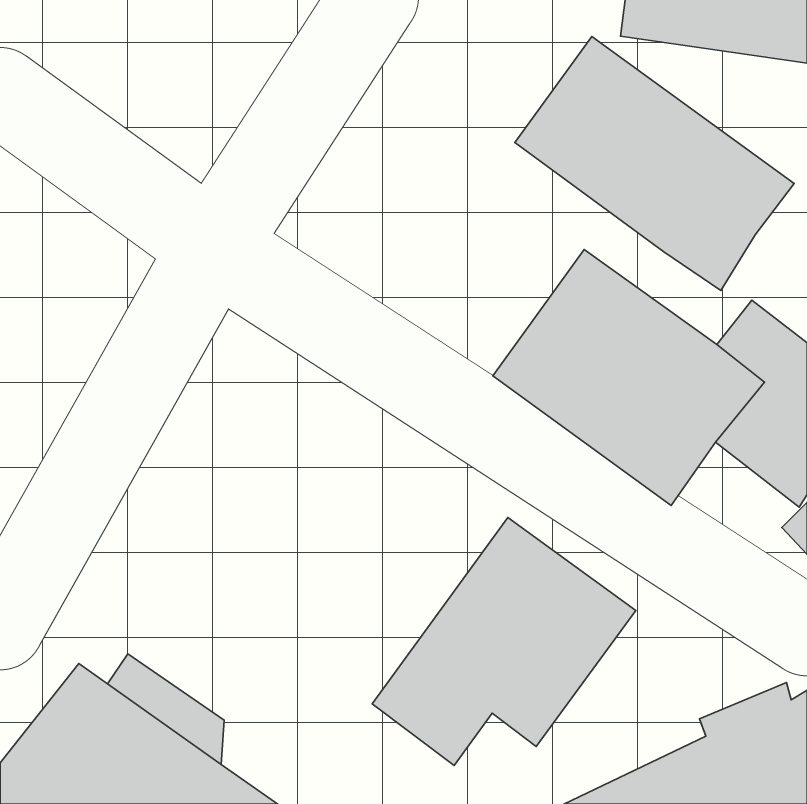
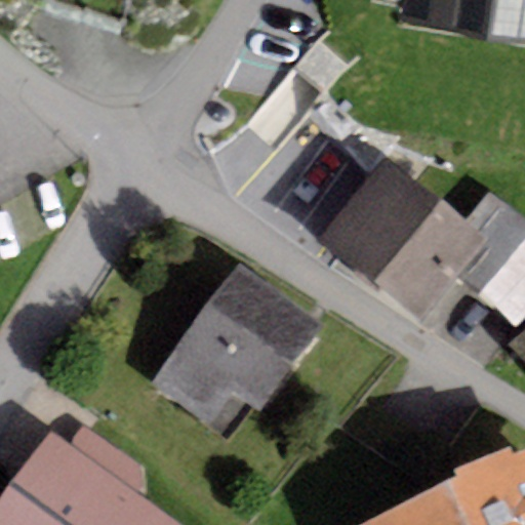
building: [515,36,794,290] -> none
building: [372,517,636,765] -> [150,265,321,426]

